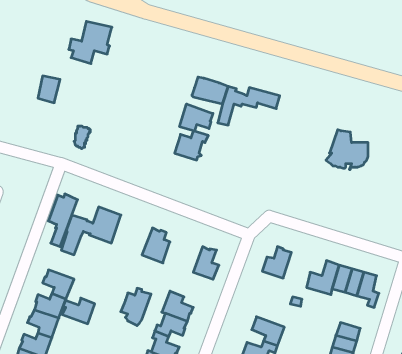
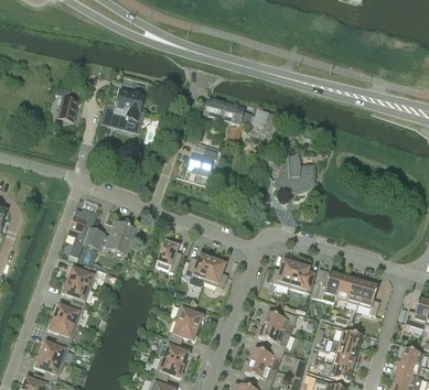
building: [69,21,112,64] -> [104,87,144,127]
building: [180,104,213,131] -> none
building: [326,130,368,169] -> [274,152,313,189]
building: none -> [289,261,314,291]
building: [121,288,151,326] -> [184,250,213,285]
building: [62,298,95,324] -> [67,262,98,286]
building: none -> [264,308,298,332]

